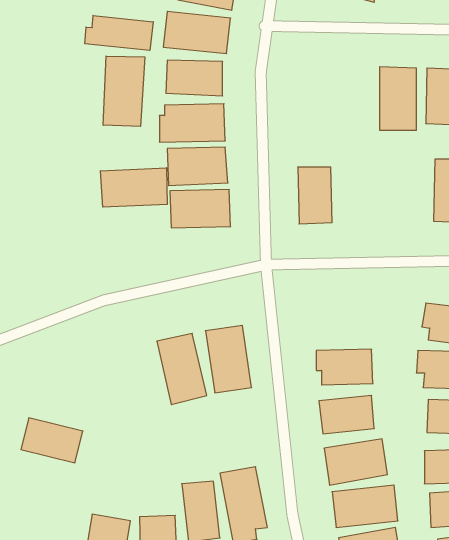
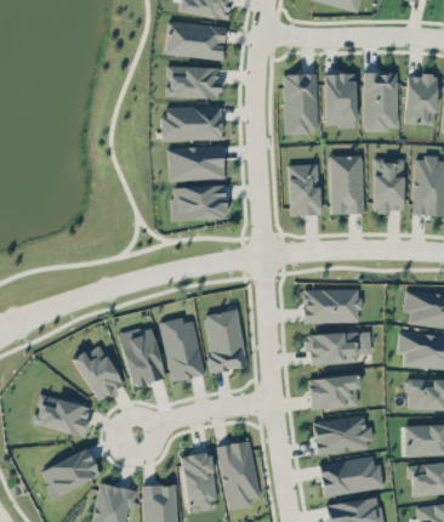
building: [85,15,153,50] -> none
building: [103,56,145,126] -> none
building: none -> [284,73,319,132]
building: none -> [325,73,357,126]
building: none -> [330,155,364,214]
building: none -> [374,159,405,211]
building: [101,168,167,207] -> none
building: none -> [304,289,360,322]
building: none -> [119,325,166,386]
building: none -> [74,344,123,399]
building: none -> [40,449,101,497]

